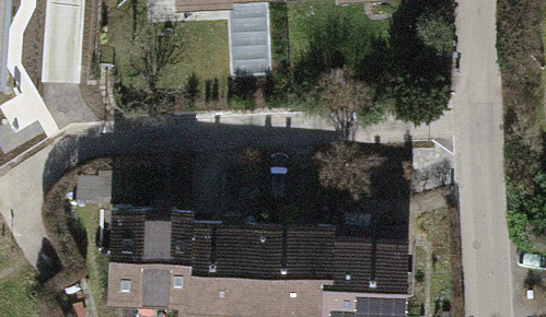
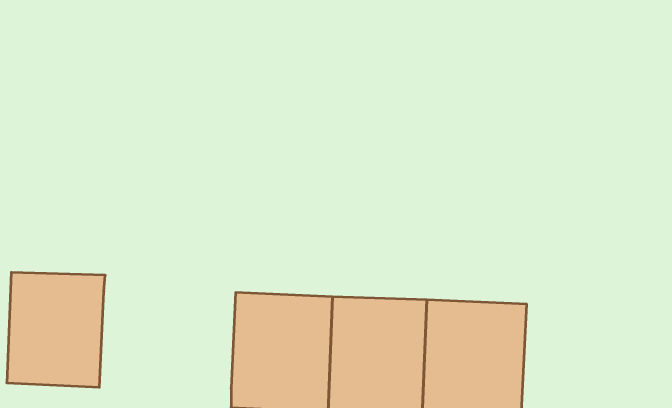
building: [112,214,185,300] -> [7,272,105,387]

